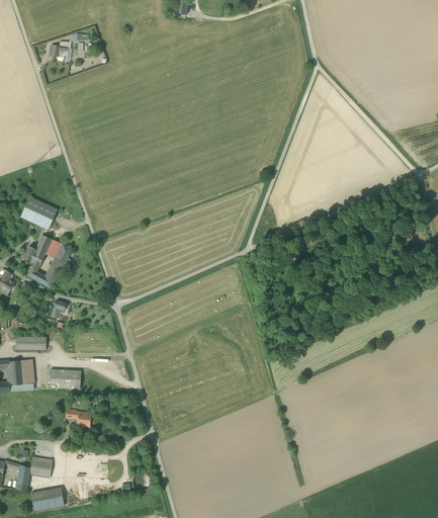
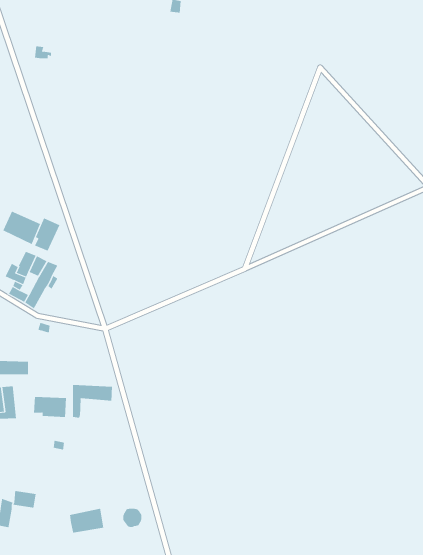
building: none -> [34,218,60,251]
building: none -> [72,384,112,419]
building: [30,487,63,510] -> [69,508,104,533]

